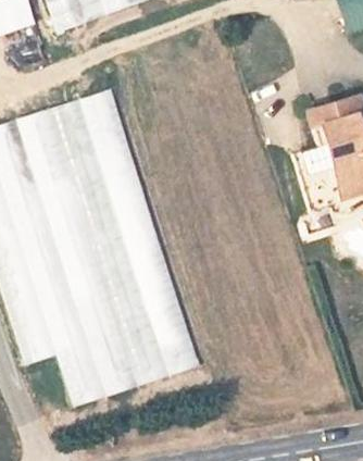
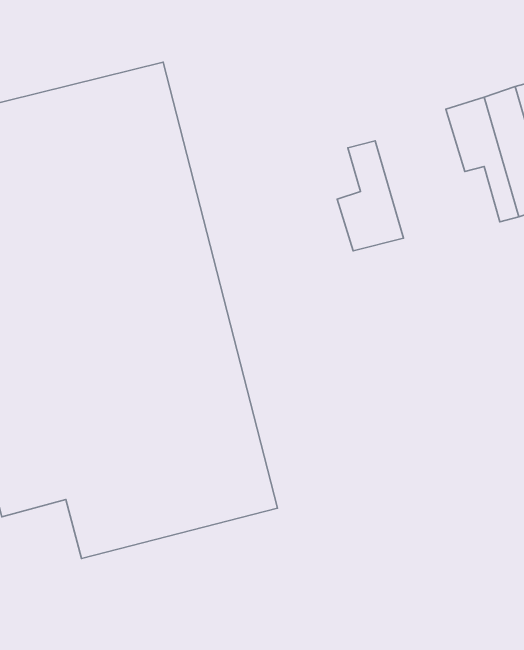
building: none -> [337,141,403,251]

